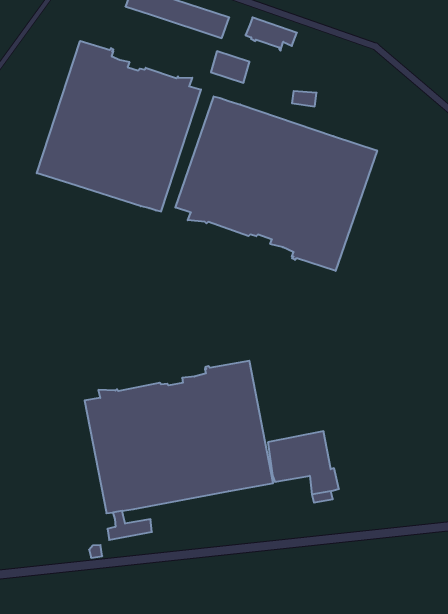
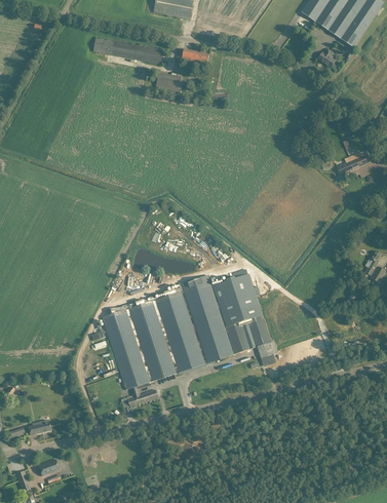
building: [37,41,201,212] -> none
building: [175,96,377,271] -> none
building: none -> [212,269,263,327]

